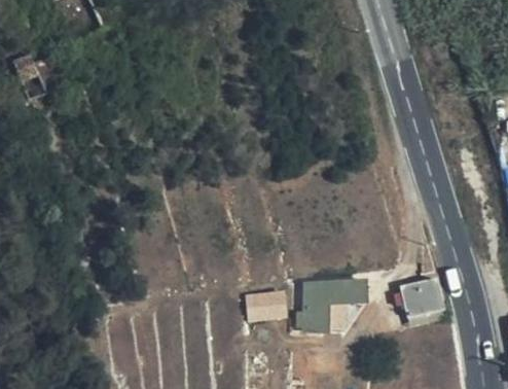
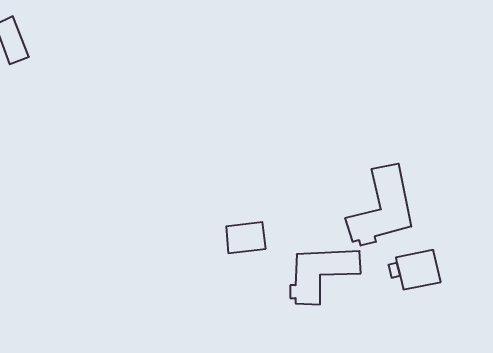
building: none -> [345,164,411,246]
building: [249,291,287,321] -> [226,222,266,253]

